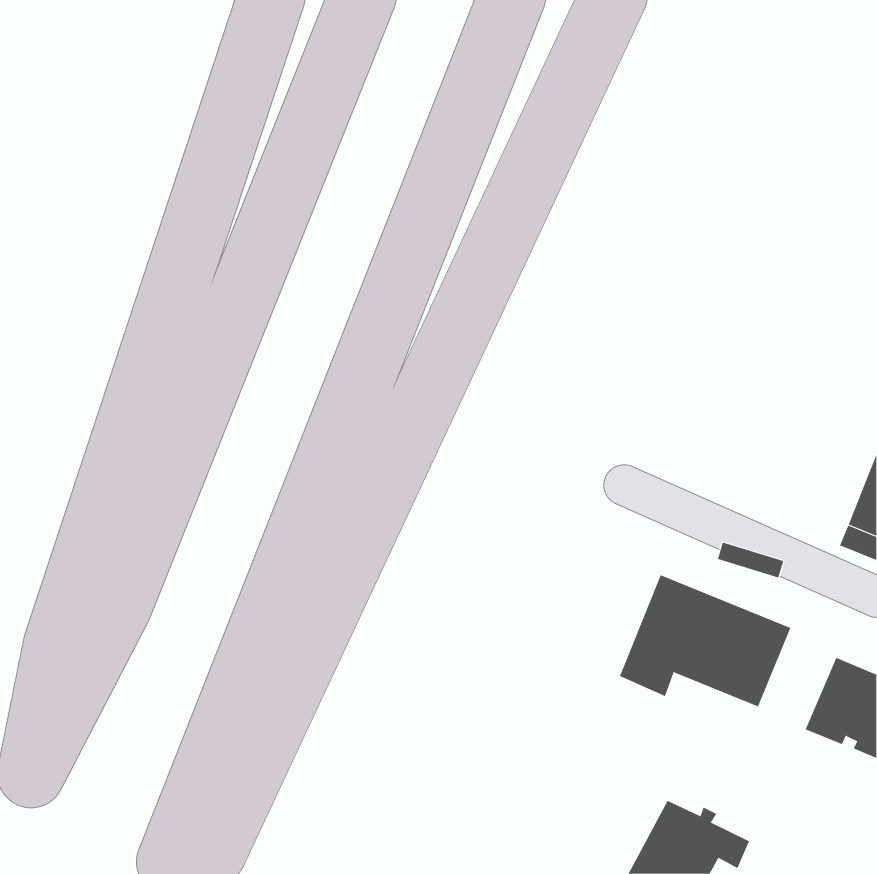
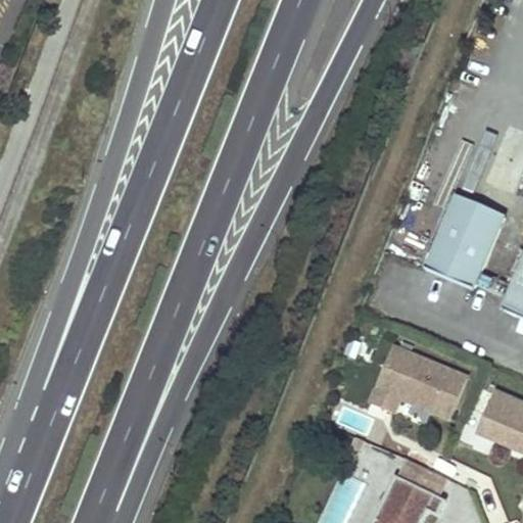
building: none -> [424,195,504,288]

